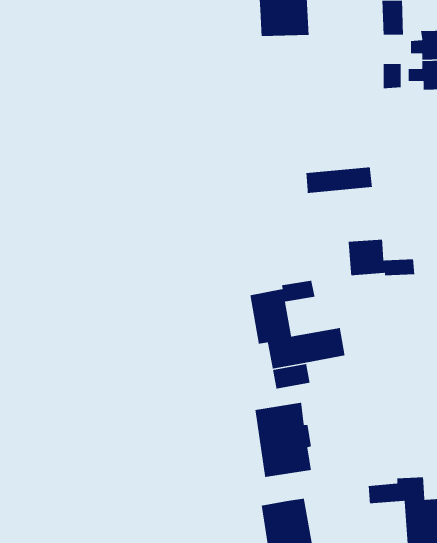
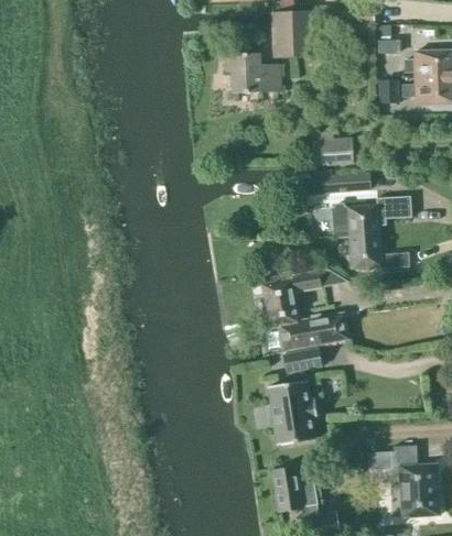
building: none -> [229,53,280,92]
building: none -> [310,132,352,165]
building: none -> [330,196,410,239]

